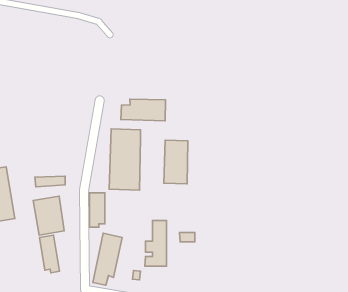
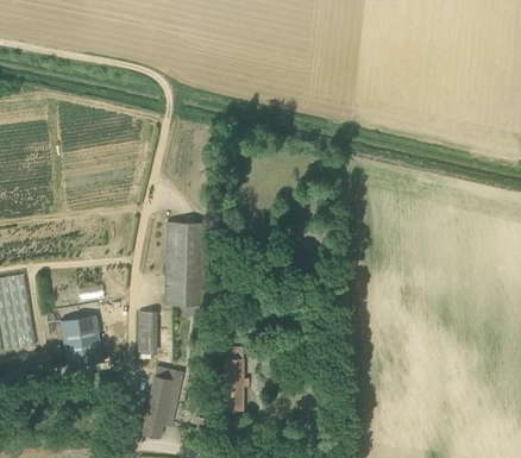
building: [121,99,165,121] -> none
building: [164,140,188,184] -> none
building: [39,235,60,273] -> none

